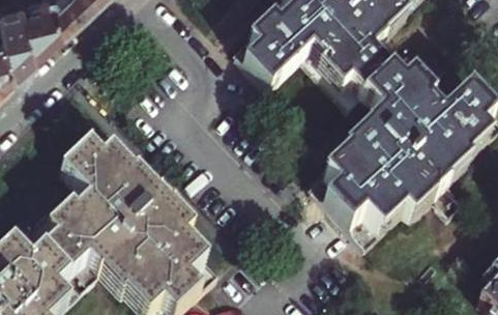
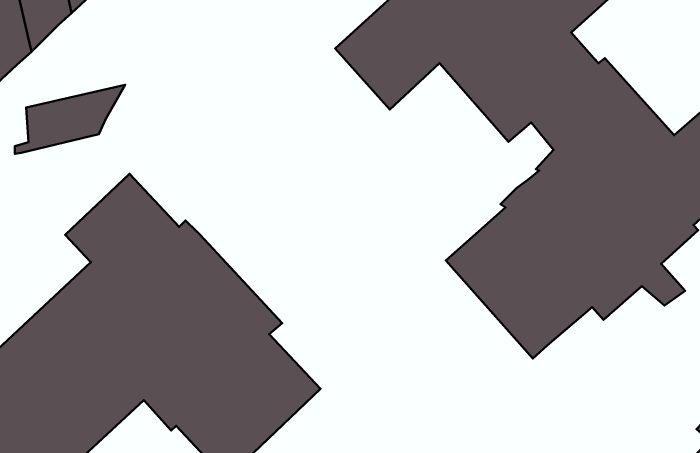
building: none -> [15,85,125,154]

